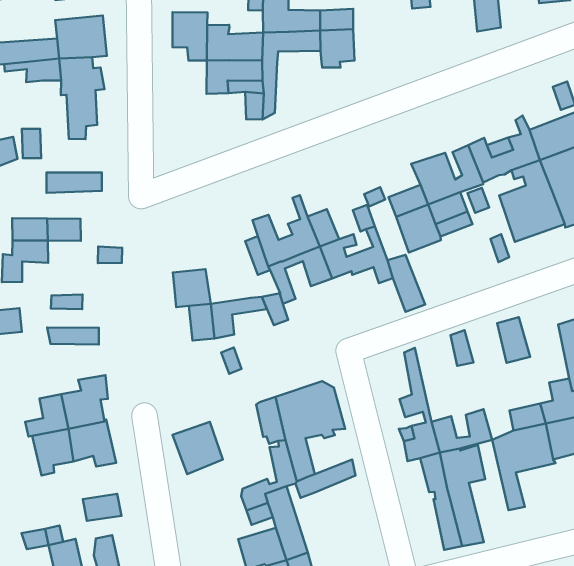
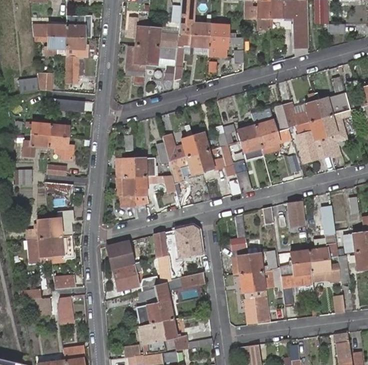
building: none -> [126,45,146,73]
building: none -> [49,135,73,160]
building: none -> [134,158,157,178]
building: none -> [113,262,143,291]

